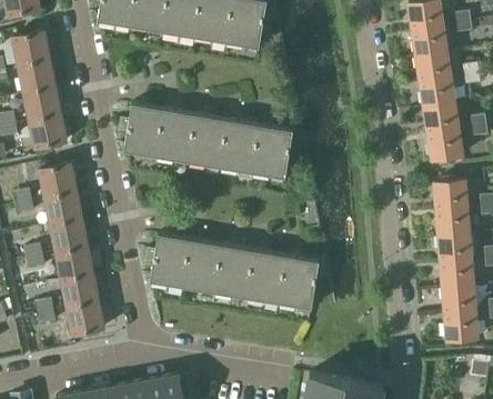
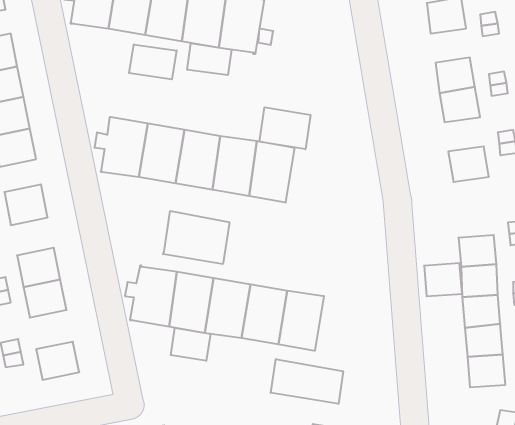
building: [412,27,446,57] -> none
building: none -> [187,43,232,75]
building: none -> [129,44,177,79]
building: none -> [260,107,310,149]
building: [424,104,459,134] -> none
building: [434,181,467,210] -> [424,263,462,296]
building: none -> [163,211,229,264]
building: [44,192,82,226] -> none
building: [61,273,99,308] -> none
building: none -> [171,328,210,361]
building: none -> [271,359,343,404]

